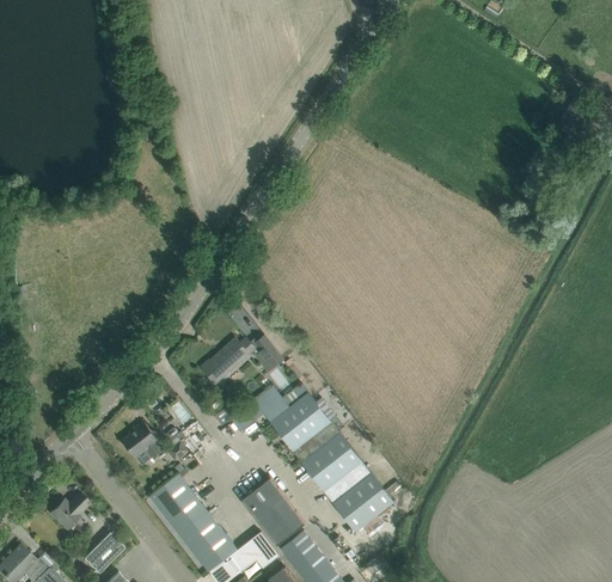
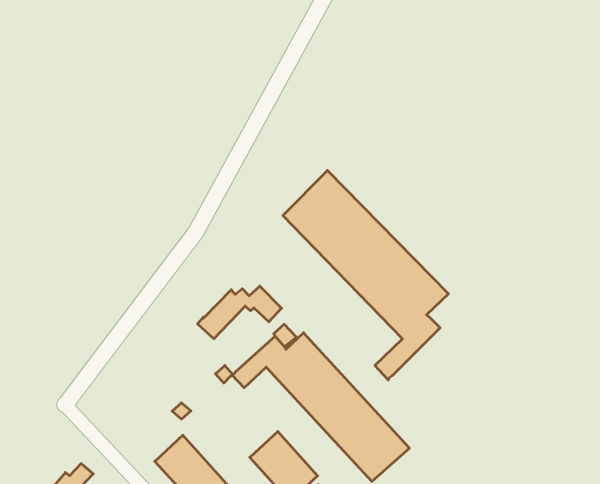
building: none -> [283,170,448,380]
building: [122,422,161,465] -> none

